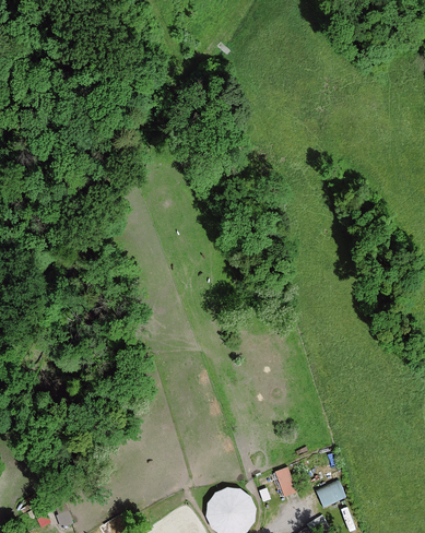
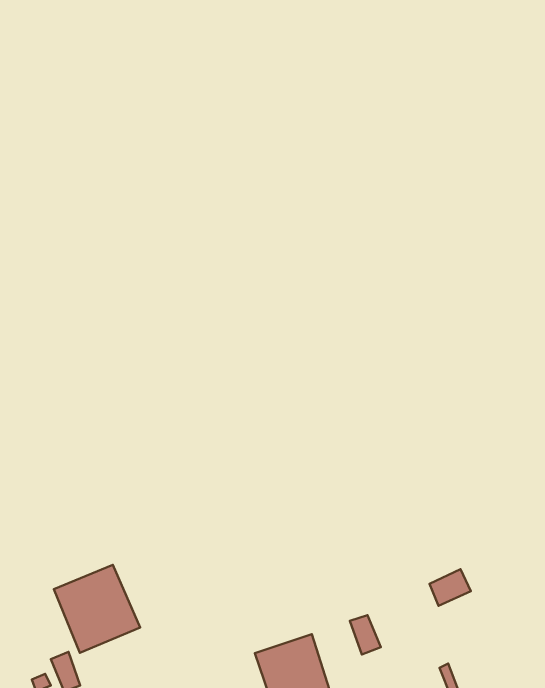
building: none -> [54,565,140,653]
building: [316,479,346,507] -> [430,569,471,606]

